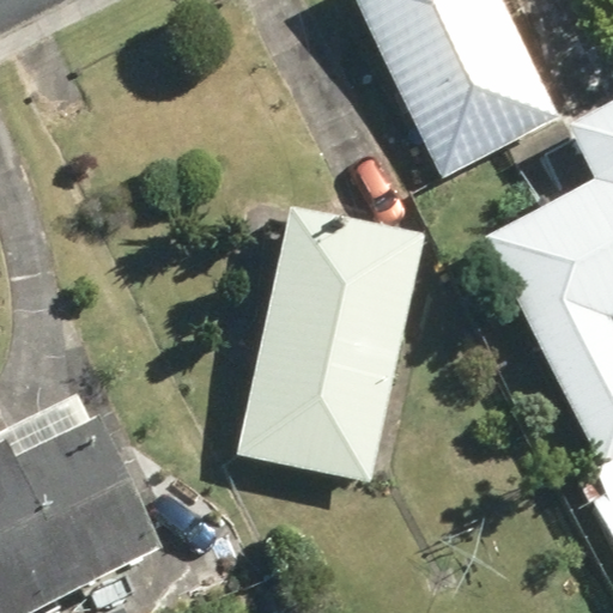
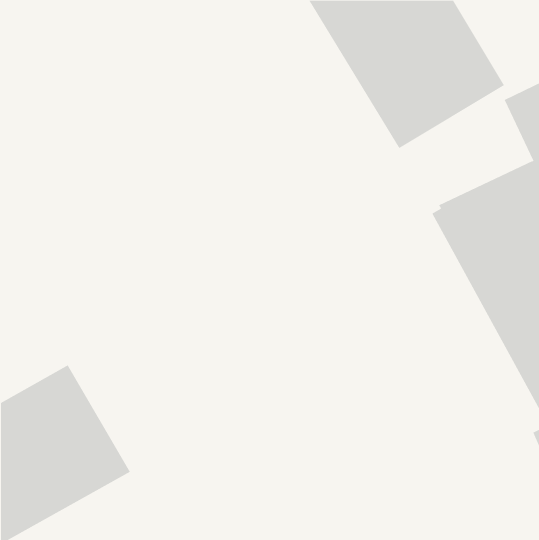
building: [239,237,395,478] -> none

